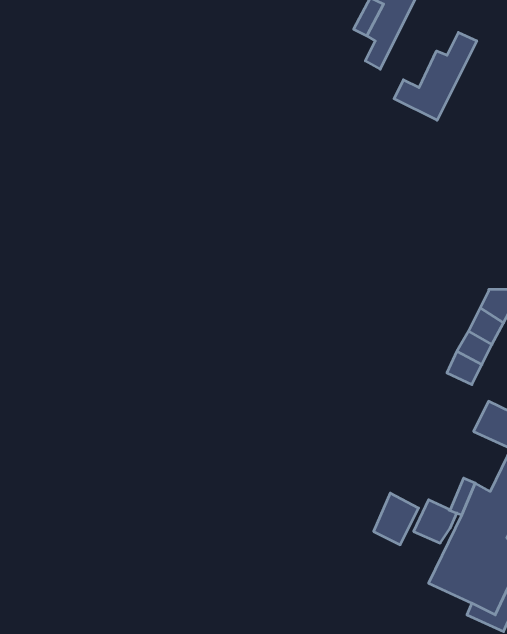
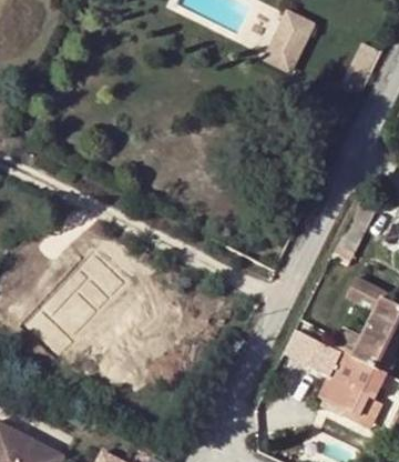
building: [394,32,477,120] -> none

